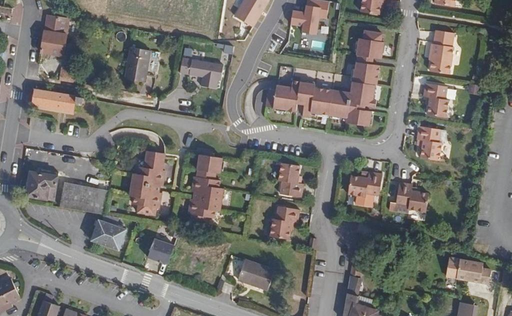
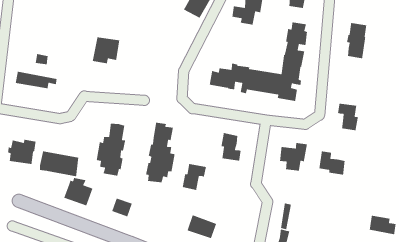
building: [41,14,69,56] -> none
building: [179,57,223,87] -> none
building: [424,83,449,117] -> none
building: [270,205,300,238] -> [182,163,207,191]

